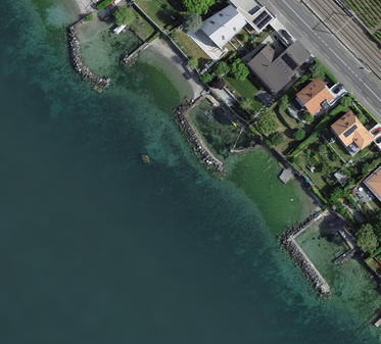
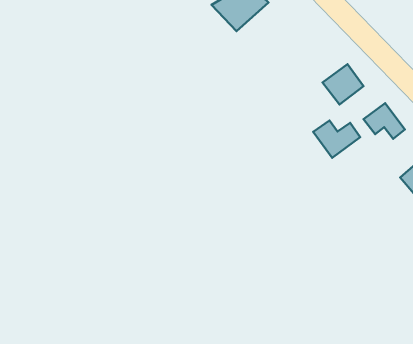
building: [250,47,298,88] -> none
building: none -> [313,121,360,158]

